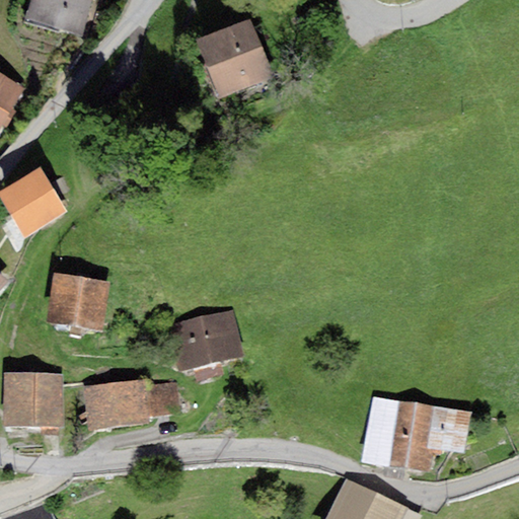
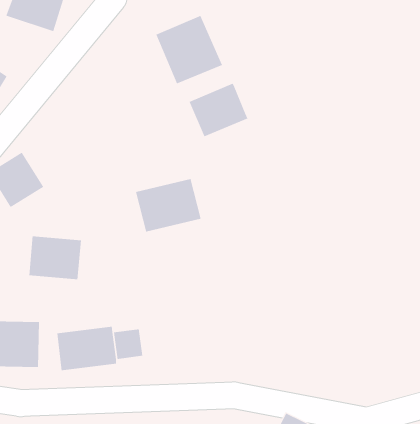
building: none -> [189,83,248,137]
building: [167,310,244,372] -> [135,179,202,232]
building: [362,396,470,480] -> none

